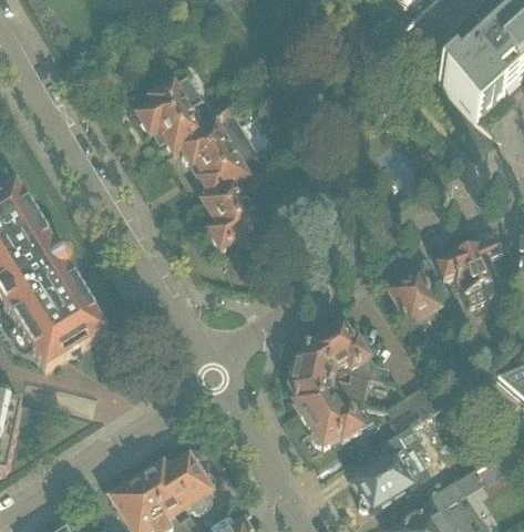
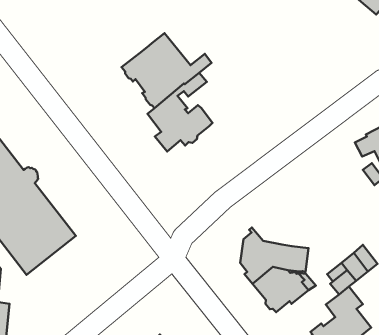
building: [135,75,230,149] -> none
building: [387,272,438,338] -> none
building: [305,321,387,379] -> none

